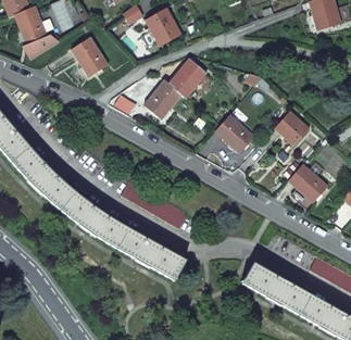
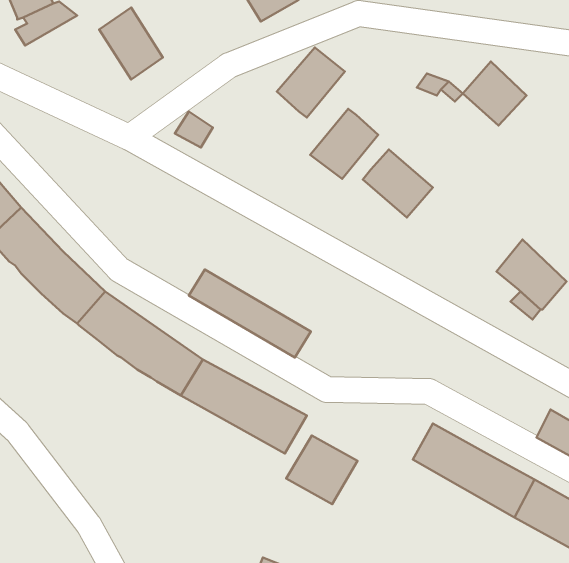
building: [143,79,180,117] -> [310,109,378,179]
building: [274,110,309,144] -> [463,62,527,126]
building: none -> [286,435,358,504]

